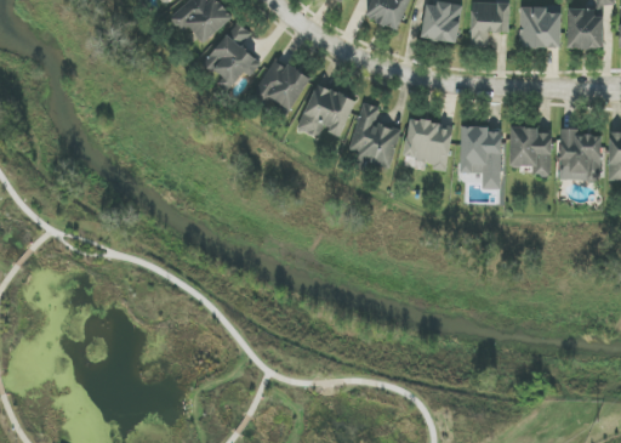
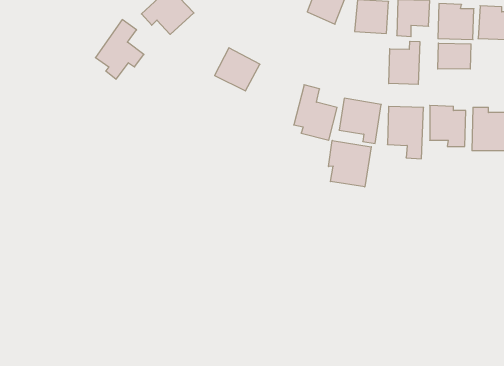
building: [204,21,261,91] -> [95,20,144,79]
building: none -> [389,41,420,84]
building: none -> [438,43,471,69]
building: [298,84,355,137] -> none
building: none -> [329,140,371,187]

